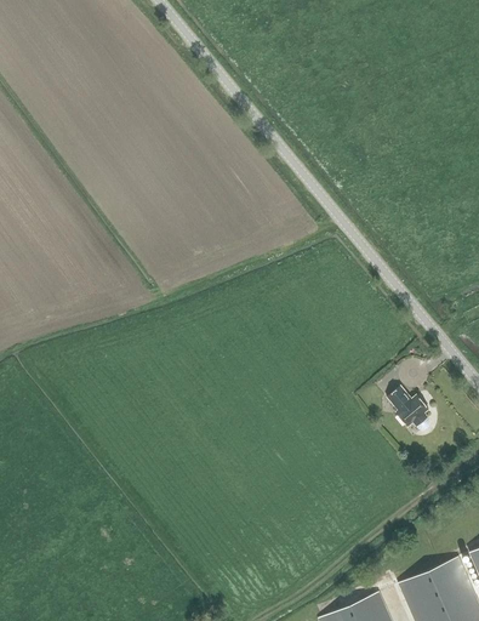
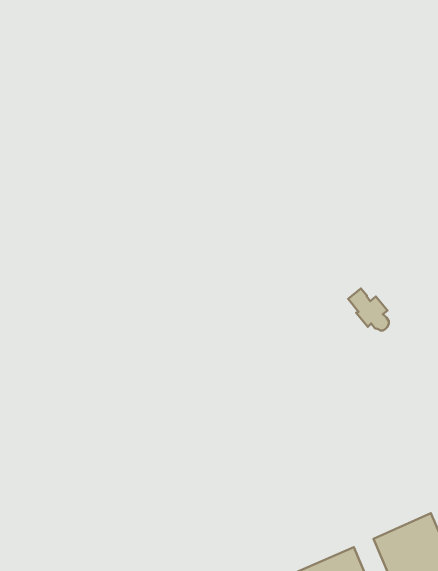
building: [387,387,429,431] -> [348,288,389,330]

